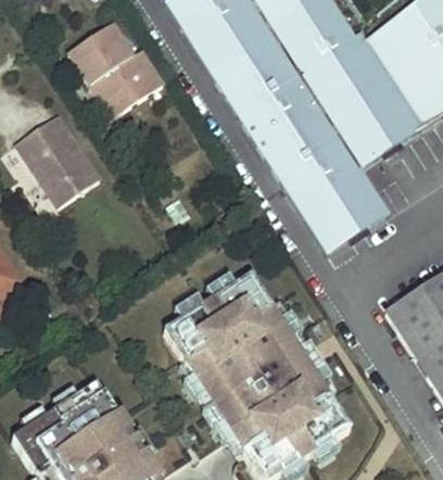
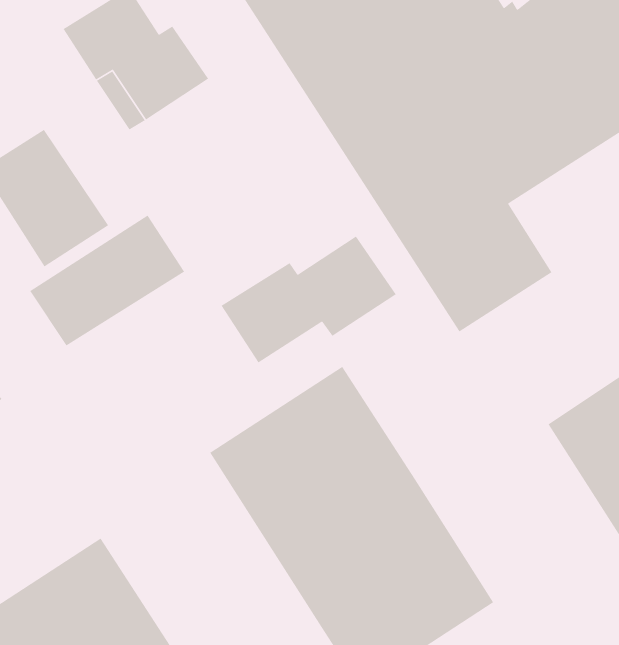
building: none -> [29,214,185,346]
building: none -> [221,236,397,363]

